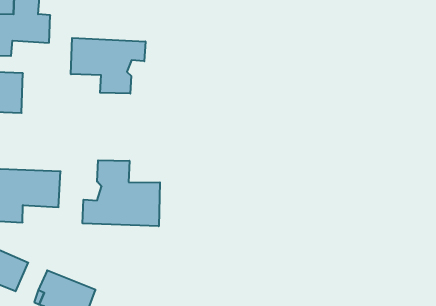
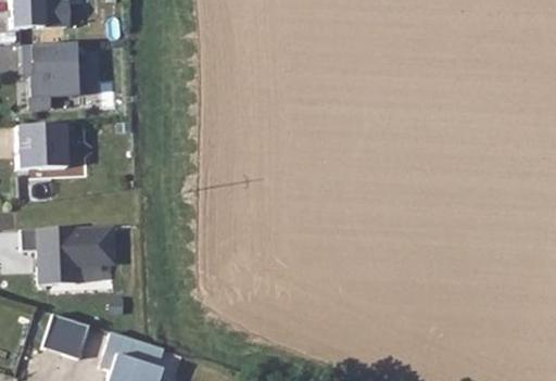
building: [71,38,145,94] -> none
building: [83,160,160,226] -> none

